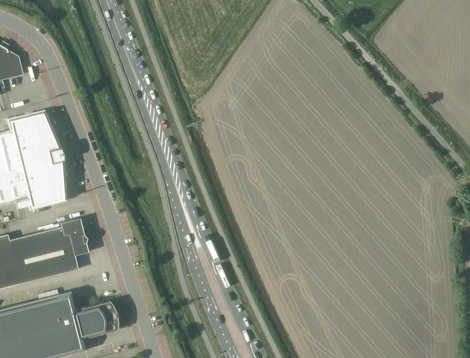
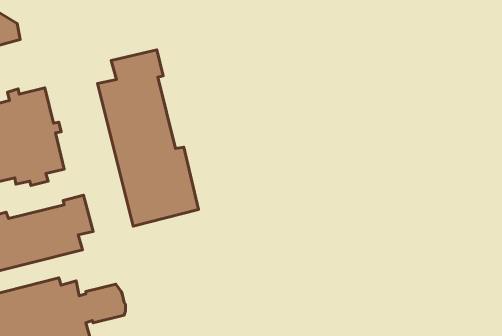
building: none -> [97,50,198,226]

